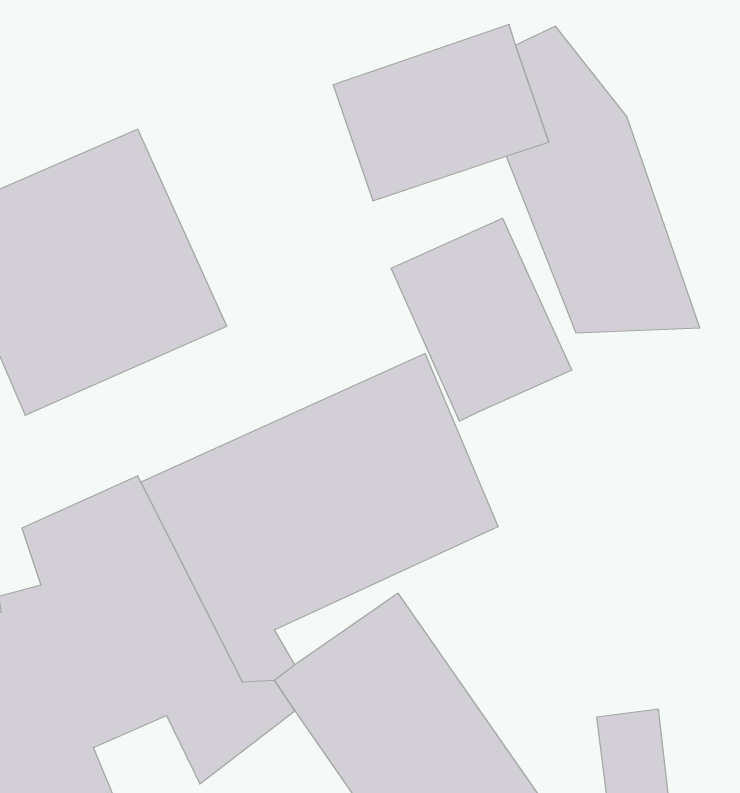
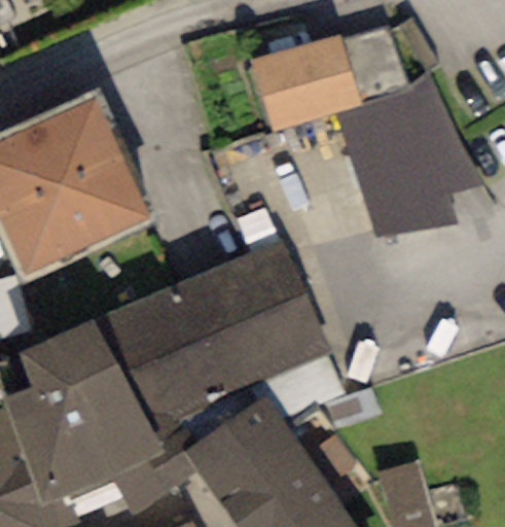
building: [391,218,572,421] -> none

